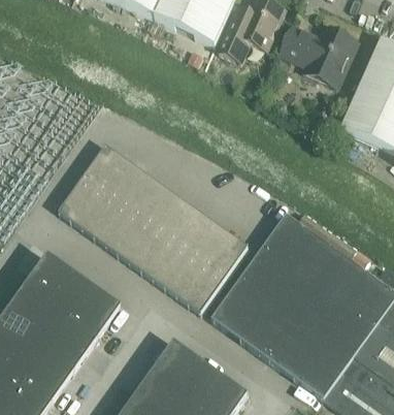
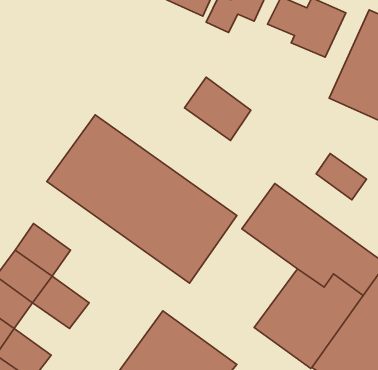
building: none -> [185,77,251,141]
building: none -> [316,154,367,200]
building: [210,259,308,358] -> none
building: [62,281,118,333] -> none
building: [24,333,79,386] -> none

